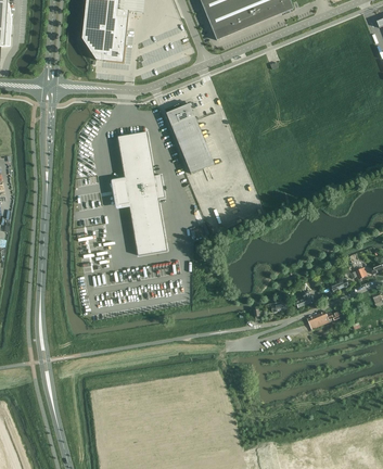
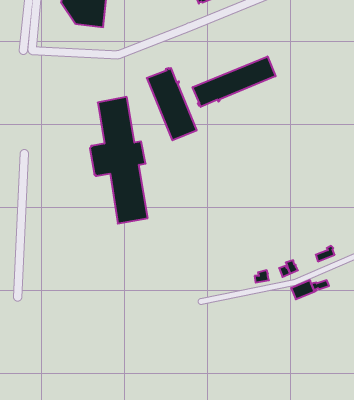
building: none -> [193,56,276,107]

